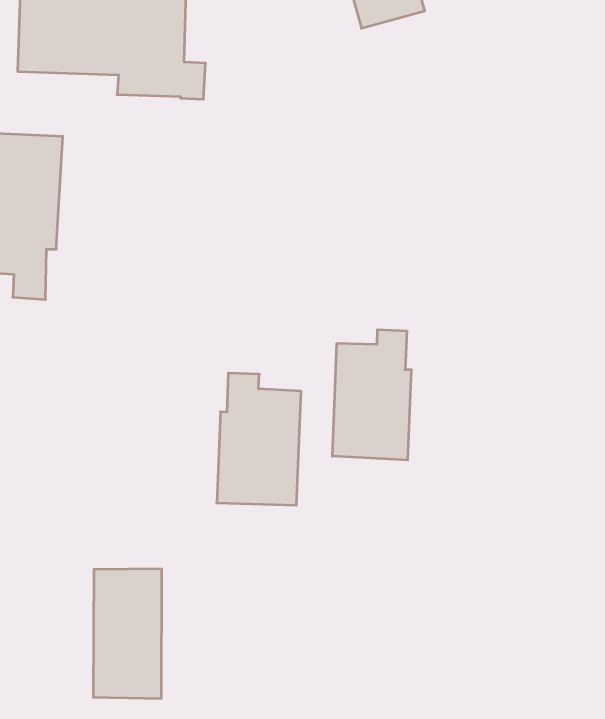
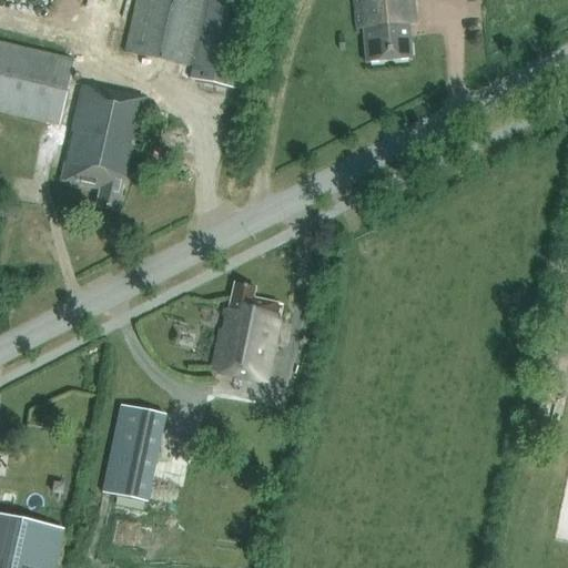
building: [332,330,411,460] -> none

